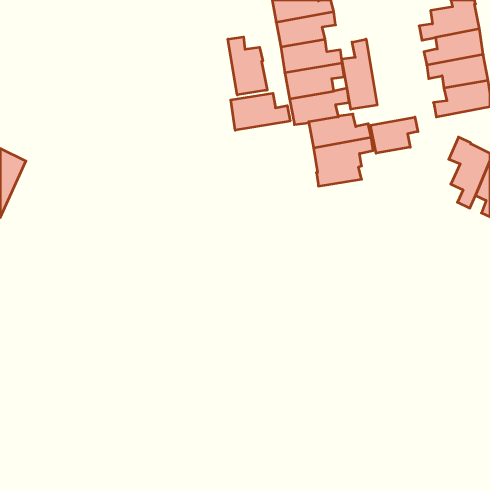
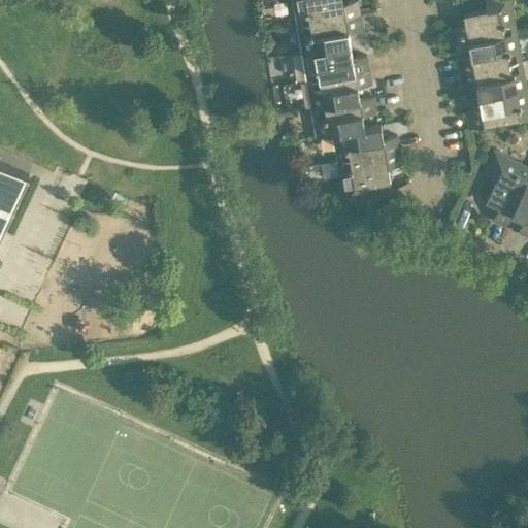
building: [228,37,267,95] -> none
building: [342,39,377,109] -> none
building: [231,93,290,130] -> none
building: [371,117,418,153] -> none

